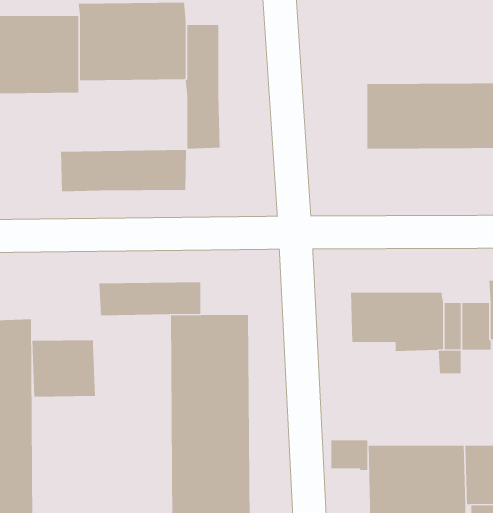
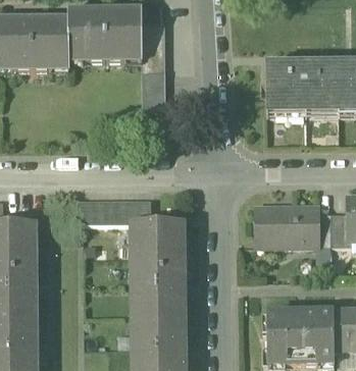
building: [61,149,186,192] -> none
building: [32,339,95,397] -> none
building: [331,440,368,471] -> none

